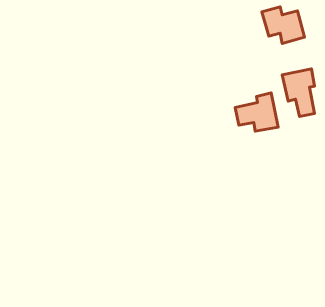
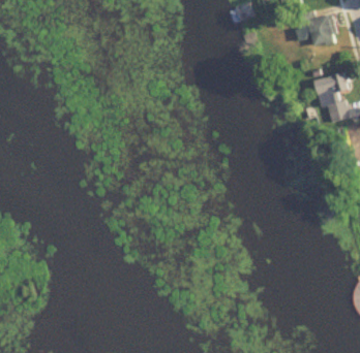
building: [235,93,278,131] -> none

